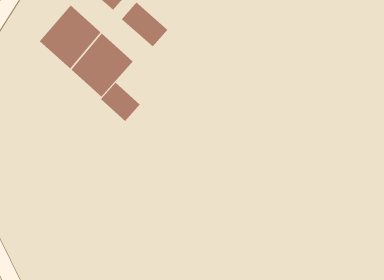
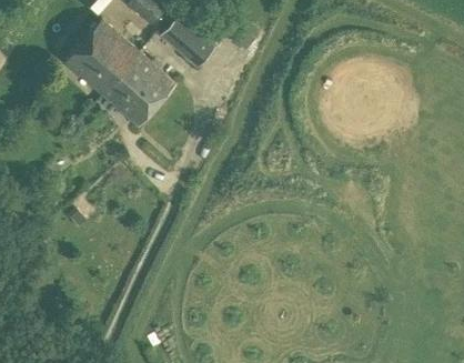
building: [100,82,141,122] -> none

